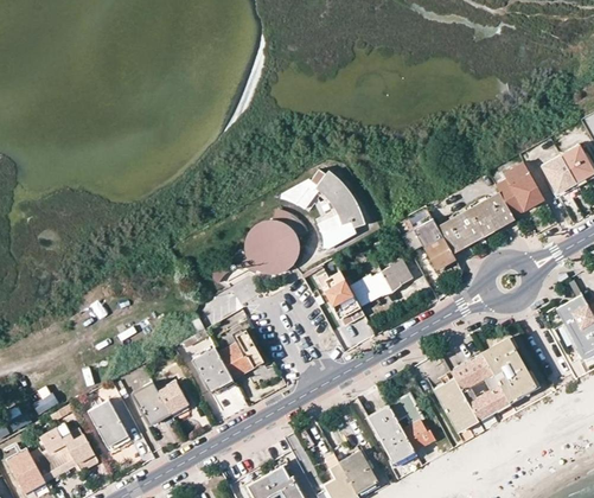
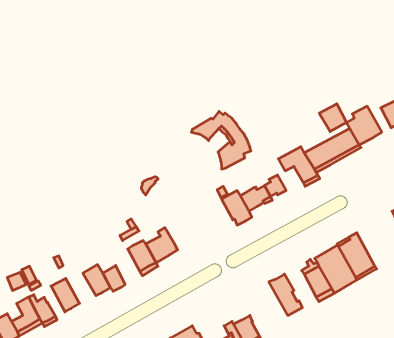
building: none -> [319,104,346,132]
building: [245,211,306,274] -> none
building: [368,404,416,466] -> none

